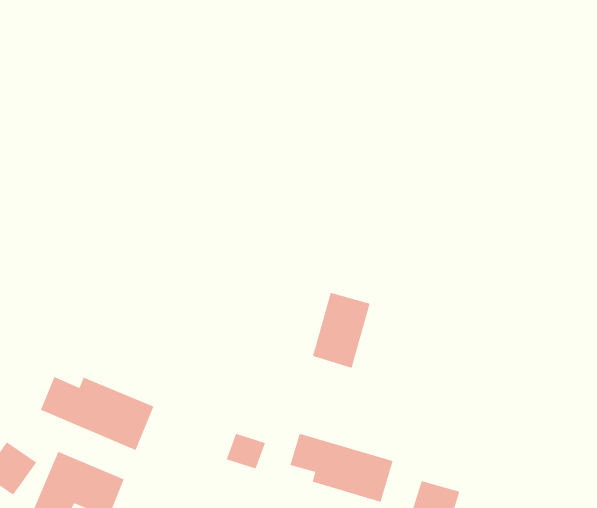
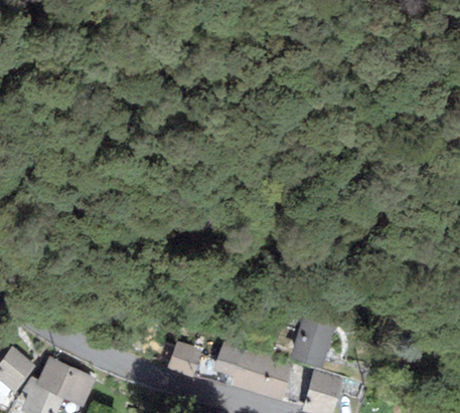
building: [312,292,370,369] -> [292,307,334,363]
building: [40,376,154,451] -> none

